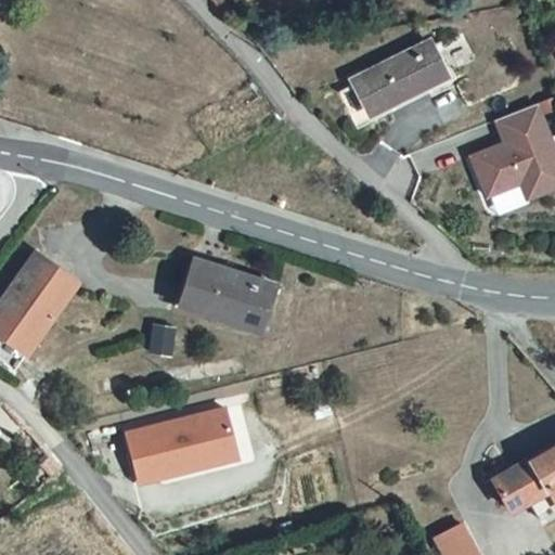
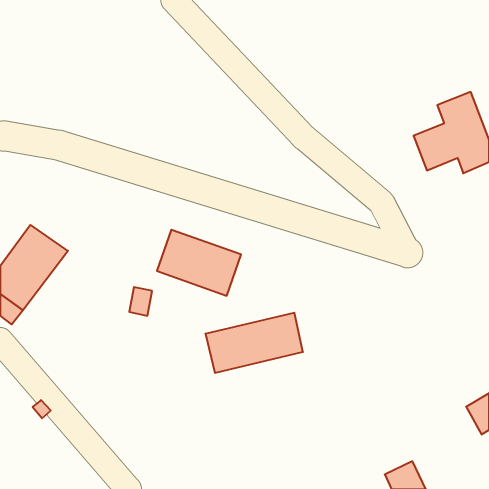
building: [356,36,448,120] -> none
building: [127,409,237,477] -> [205,313,303,373]
building: [504,461,547,511] -> none

